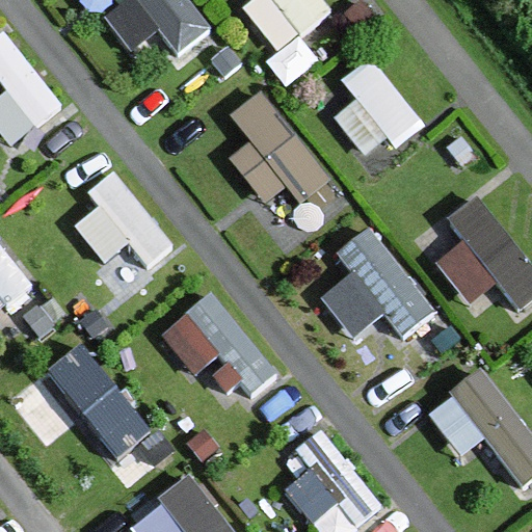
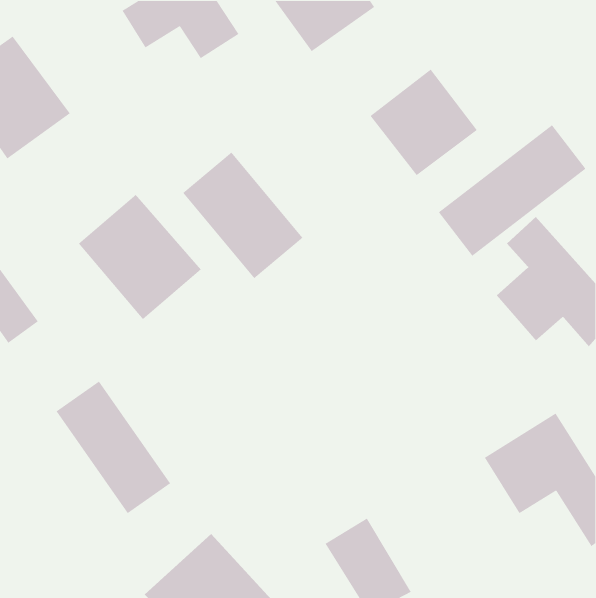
building: [215,90,322,203] -> [182,152,304,279]
building: none -> [438,124,587,257]
building: [321,225,437,340] -> none
building: [148,291,249,391] -> none

